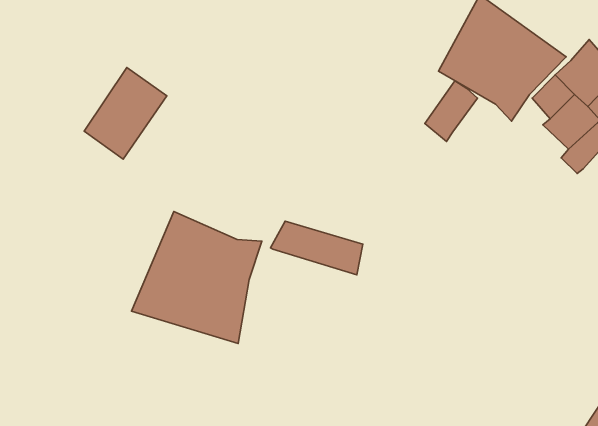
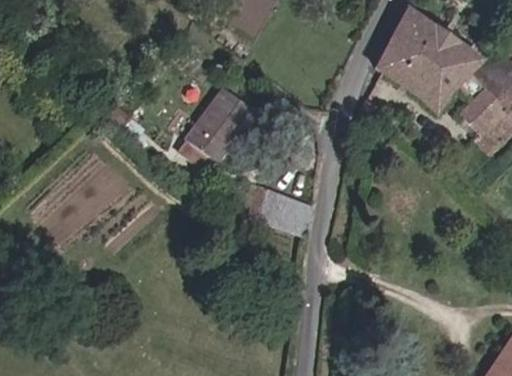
building: [84,68,167,159] -> [184,89,252,164]
building: [425,81,477,141] -> none
building: [132,212,262,343] -> none

